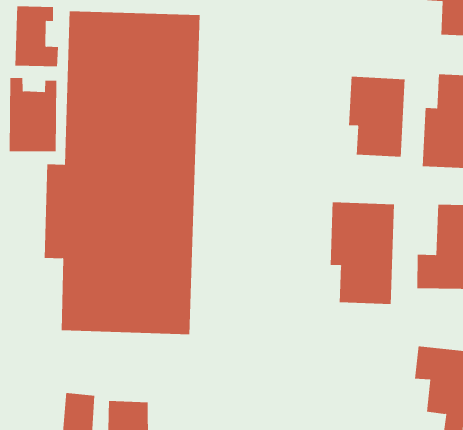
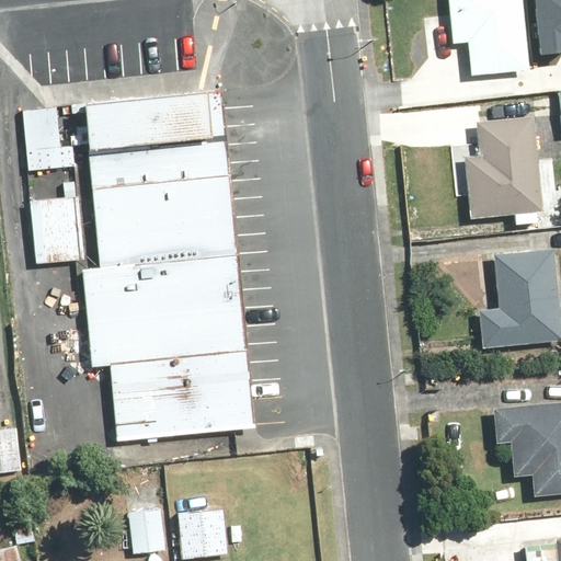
building: [349,76,405,158] -> none
building: [330,202,395,305] -> none

